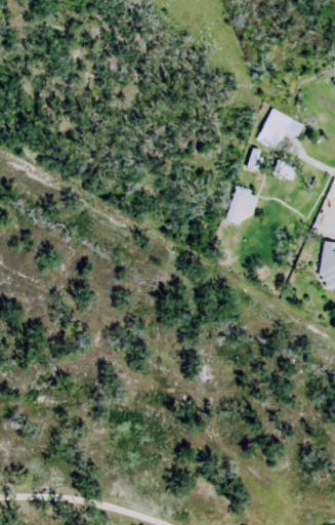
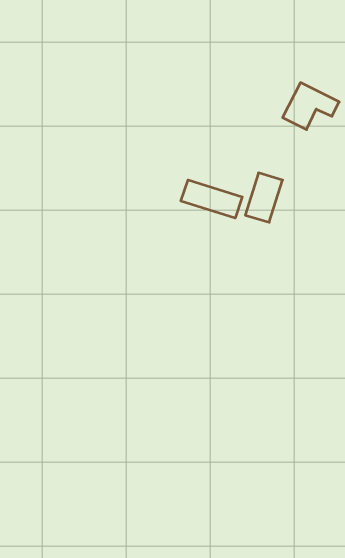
building: none -> [181,180,242,218]

